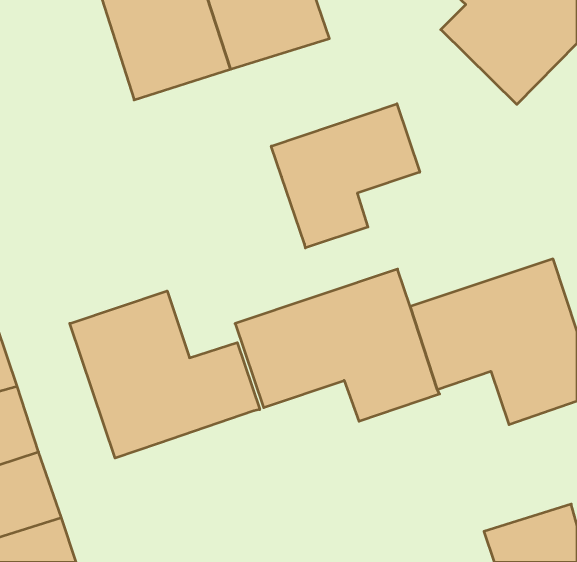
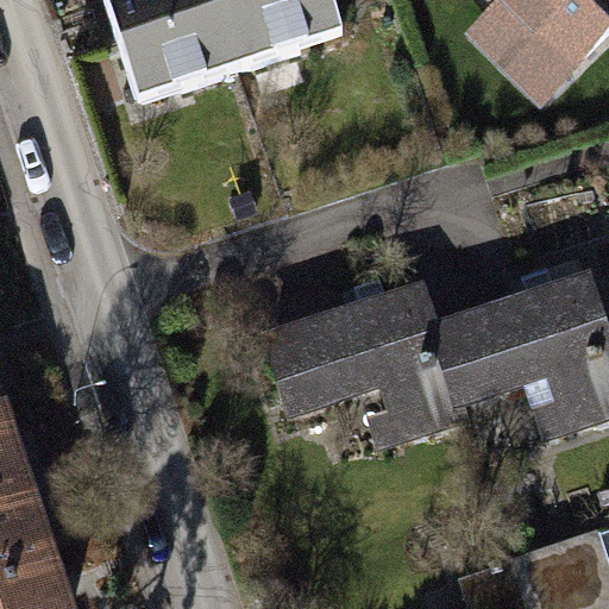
building: [271,104,420,248] -> none
building: [70,291,260,458] -> none

